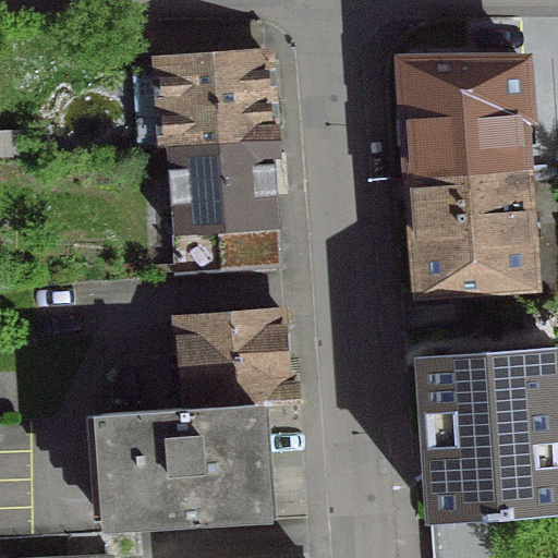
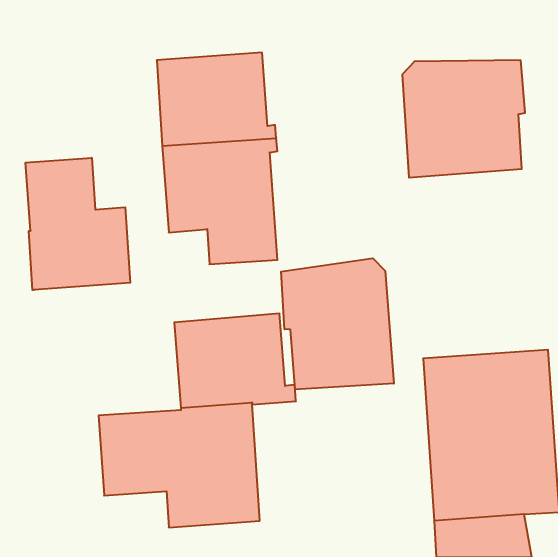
building: none -> [26,158,130,290]
building: [409,168,530,289] -> none
building: none -> [281,258,394,389]

